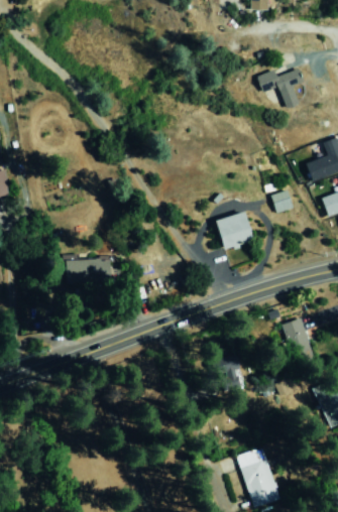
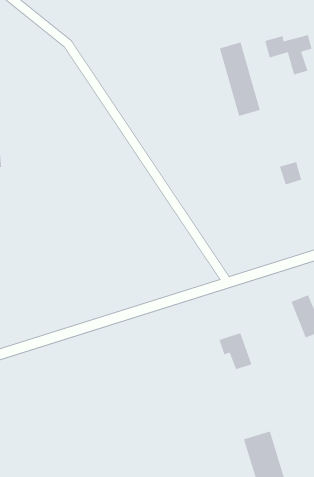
building: none -> [219,42,261,117]
building: [216,212,253,250] -> none
building: [67,259,112,283] -> none

